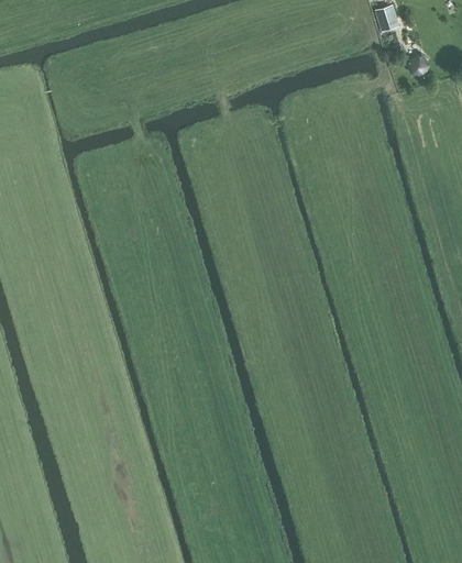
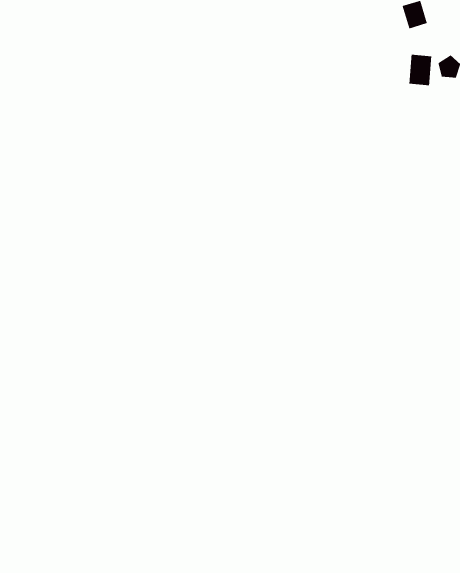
building: none -> [409,54,432,86]

